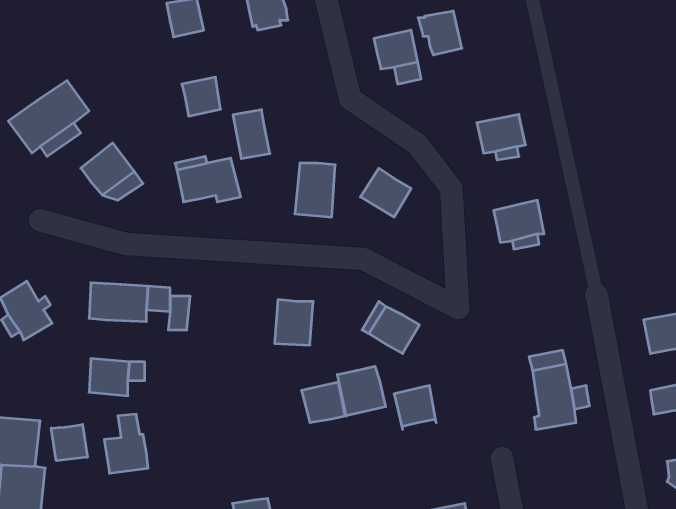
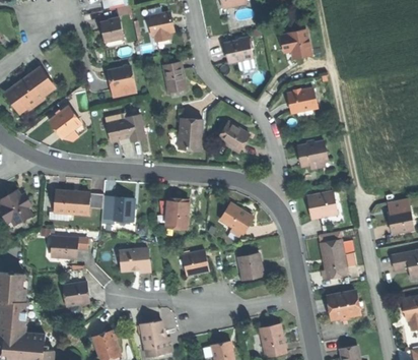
building: [418,11,462,55] -> [284,31,310,57]
building: [233,110,270,159] -> [163,62,186,92]
building: none -> [307,191,337,218]
building: none -> [113,197,134,221]
building: [337,366,386,416] -> none
building: none -> [120,248,150,272]
building: [51,424,87,461] -> none
building: none -> [327,291,359,318]

